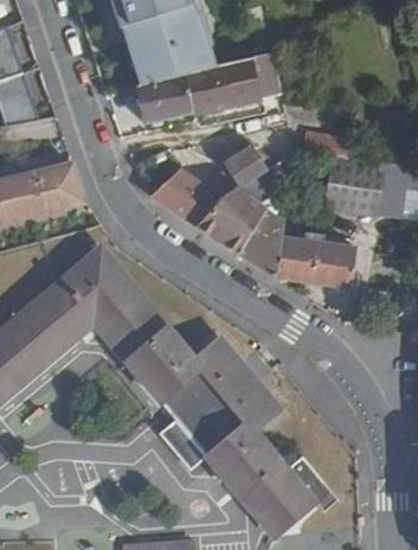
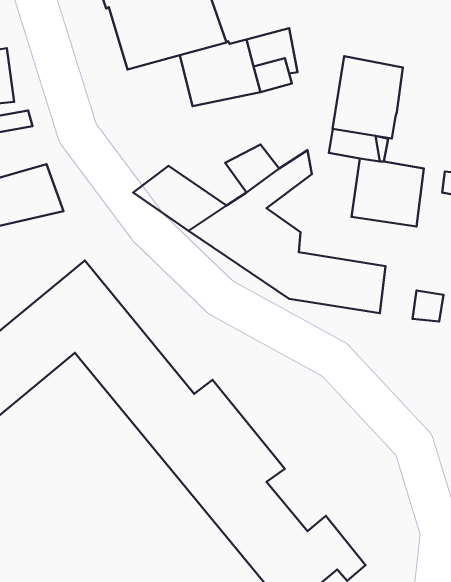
building: [136,73,193,126] -> none
building: none -> [332,56,403,139]

